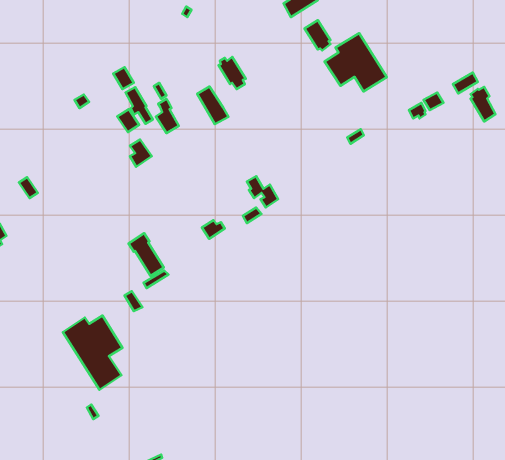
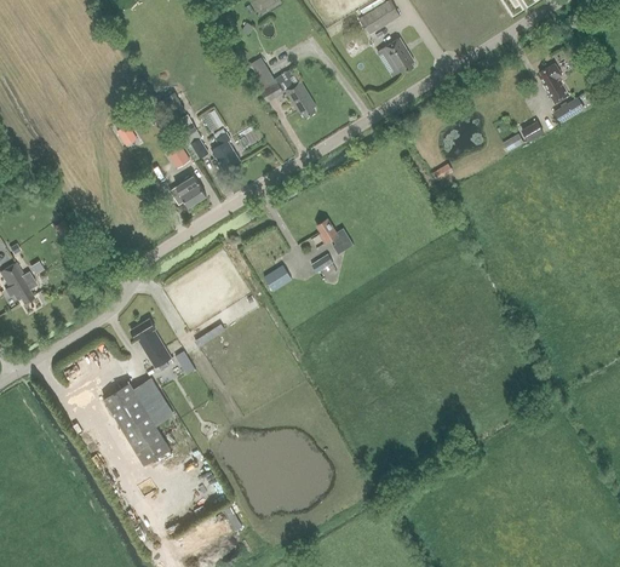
building: [325,33,387,92] -> none
building: [197,86,228,124] -> [246,57,282,101]
building: [471,87,496,121] -> [539,64,568,104]
building: [128,233,164,276] -> [130,319,171,368]

